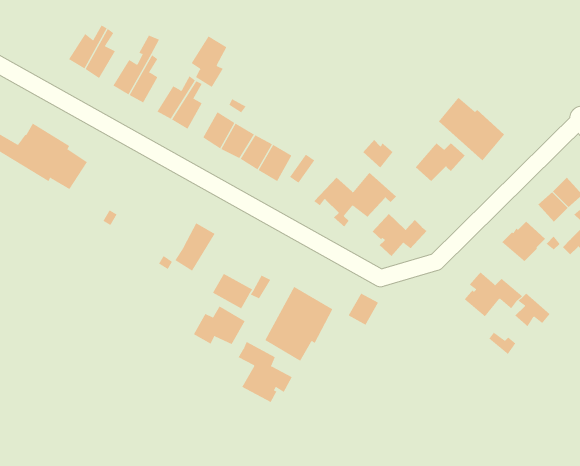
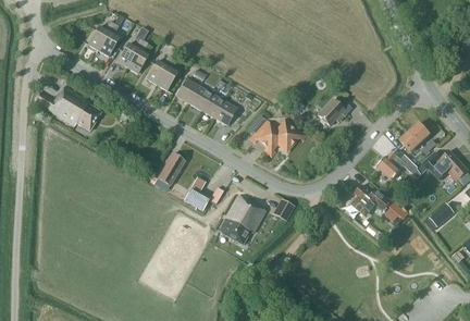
building: [191,36,227,88] -> none
building: [438,97,505,161] -> none
building: [372,213,428,257] -> none
building: [193,306,245,345] -> none
building: [238,341,292,403] -> none

